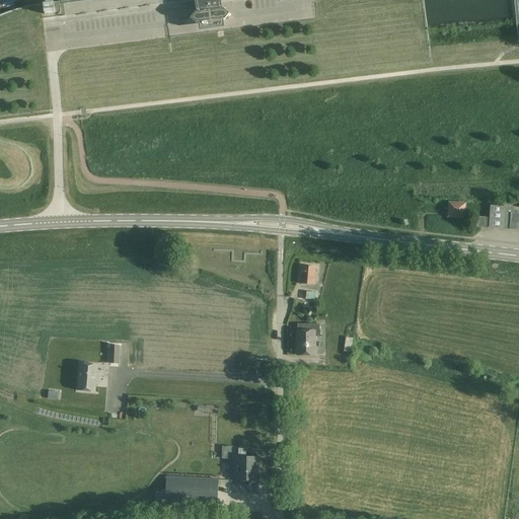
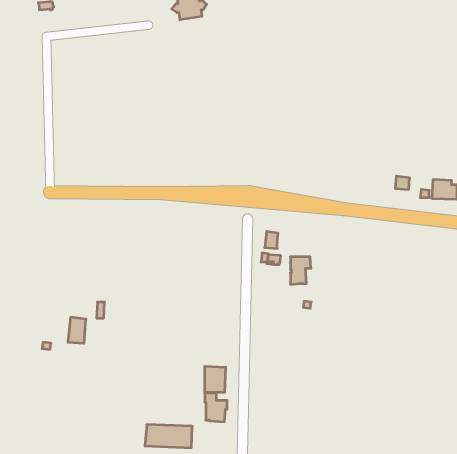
building: [297,321,320,353] -> [290,257,311,284]
building: none -> [205,366,226,393]

